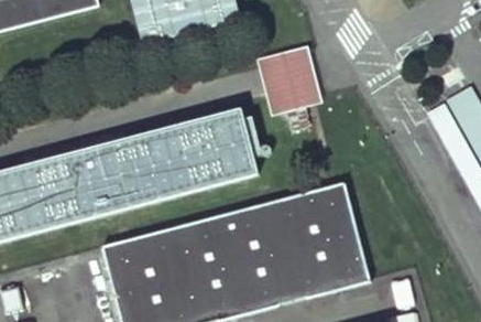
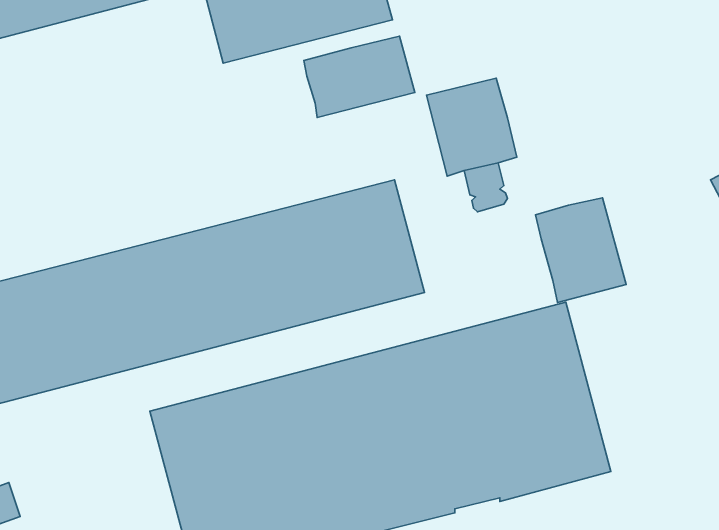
building: none -> [304,36,415,118]
building: none -> [535,198,626,302]

